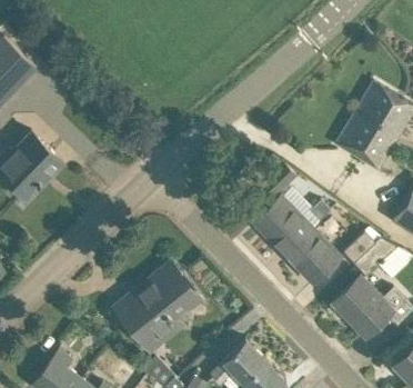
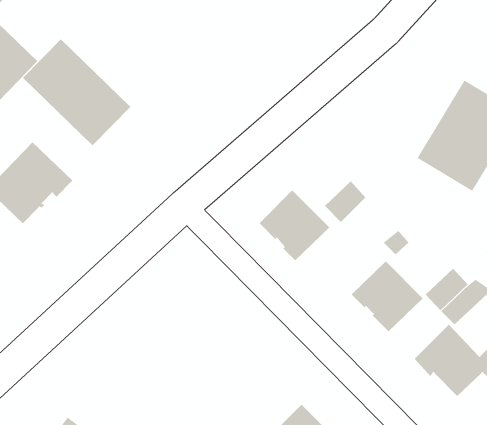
building: none -> [22,38,131,146]
building: [255,197,312,253] -> [259,190,330,261]
building: [114,262,209,345] -> none

